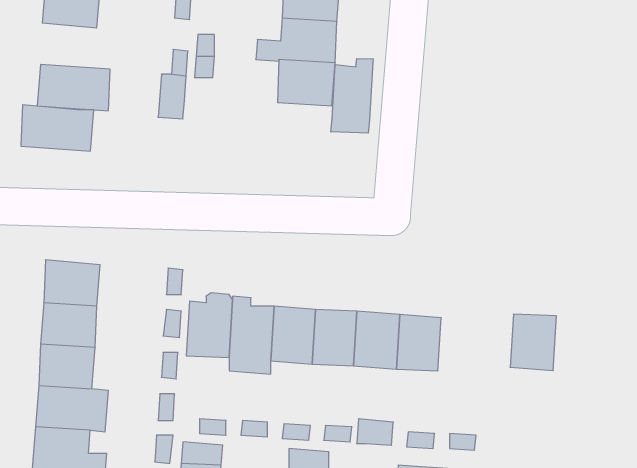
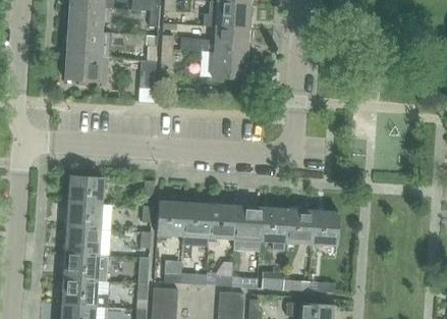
building: [331,59,373,133] -> none
building: [21,105,94,151] -> [66,30,111,58]
building: [510,314,556,371] -> [311,211,339,246]

